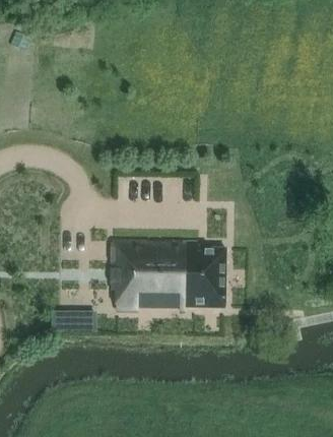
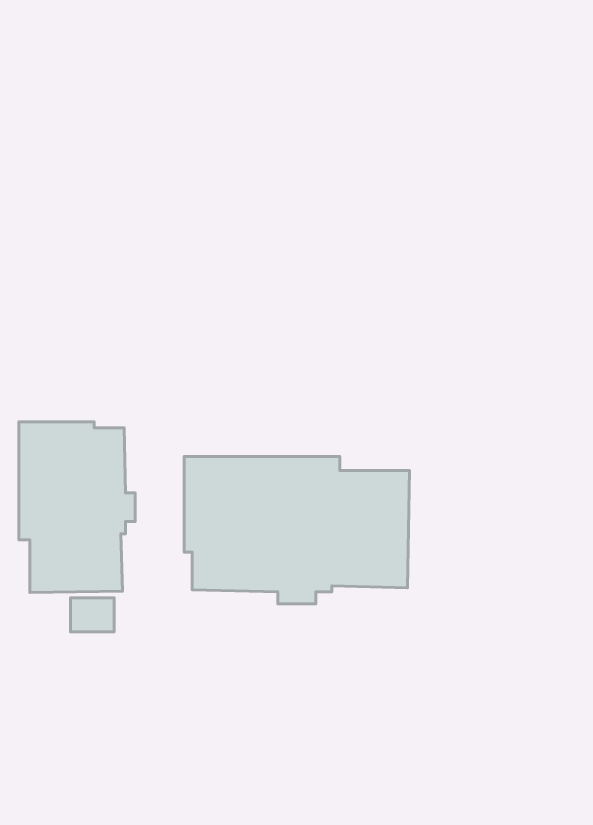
building: none -> [19,422,135,593]

